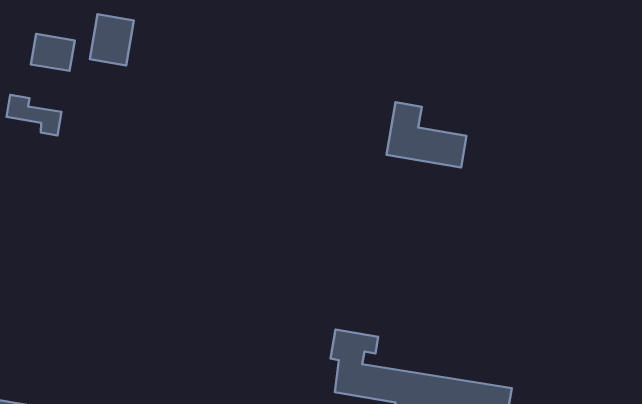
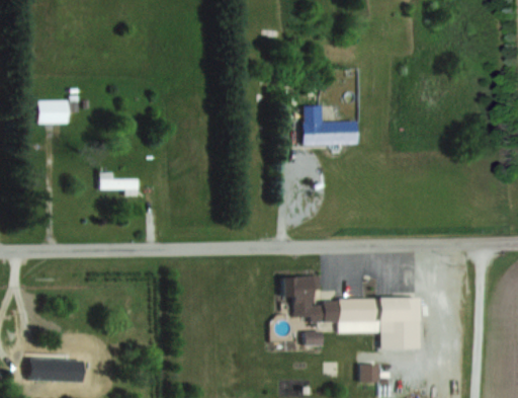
building: [90,14,134,65] -> none
building: [7,95,61,135] -> [100,173,139,196]

